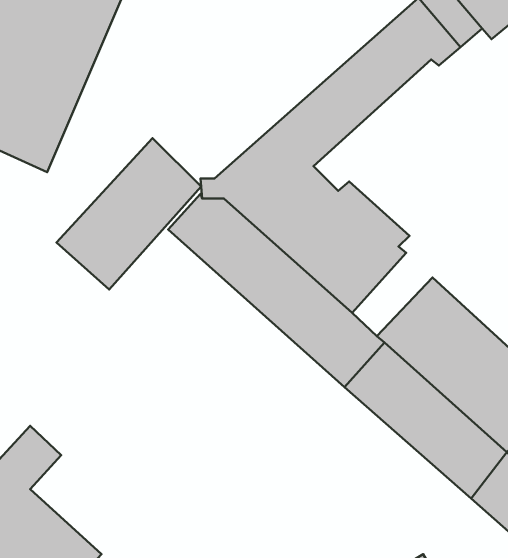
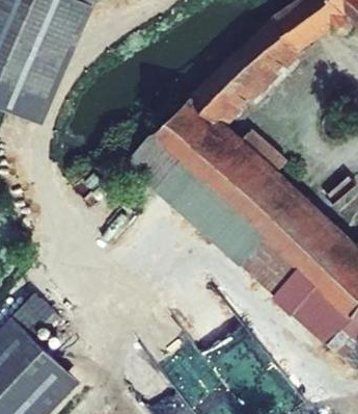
building: [56,138,201,290] -> none
building: none -> [246,178,300,234]

